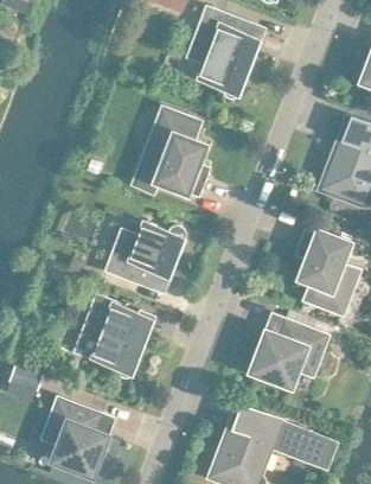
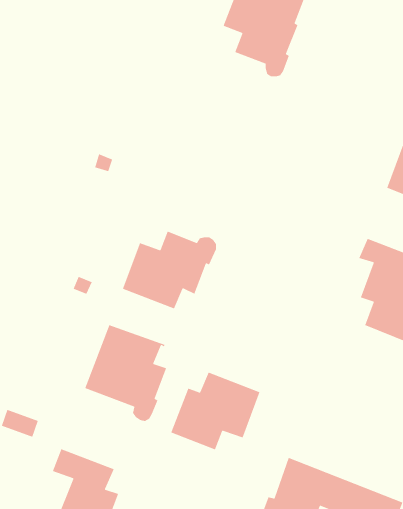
building: [134,109,204,195] -> none
building: [252,319,326,383] -> [170,371,261,450]

